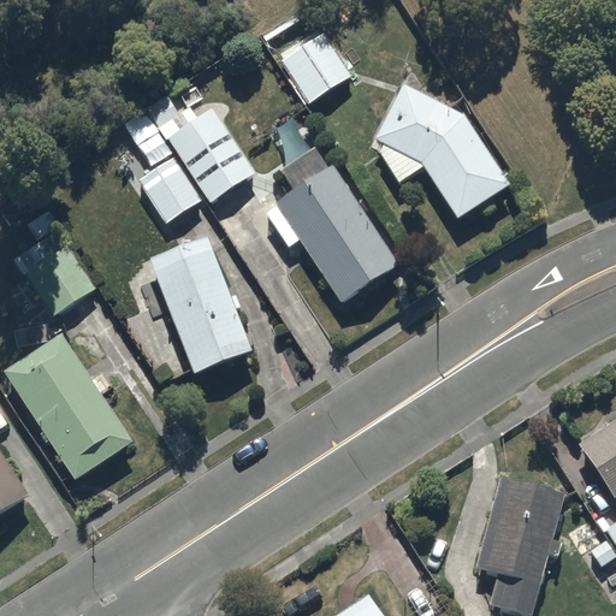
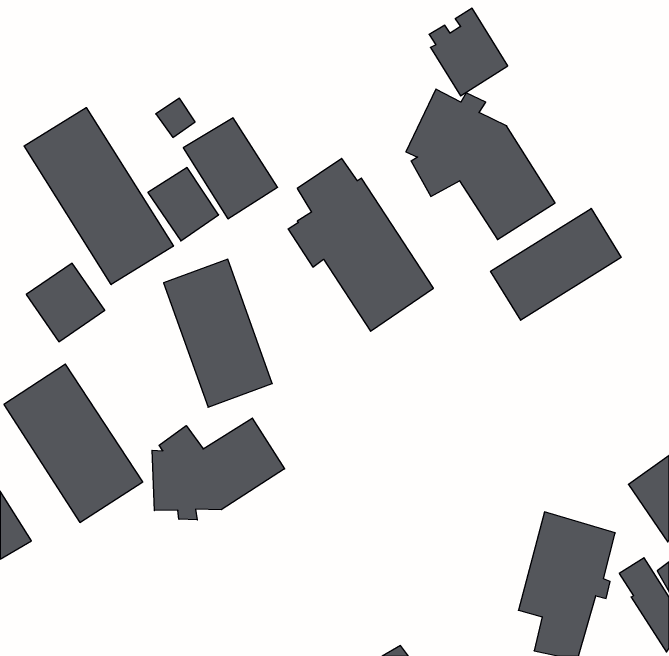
building: [278,20,350,101] -> [429,8,508,96]
building: none -> [24,108,173,285]
building: none -> [491,208,621,320]
building: none -> [152,418,285,520]

